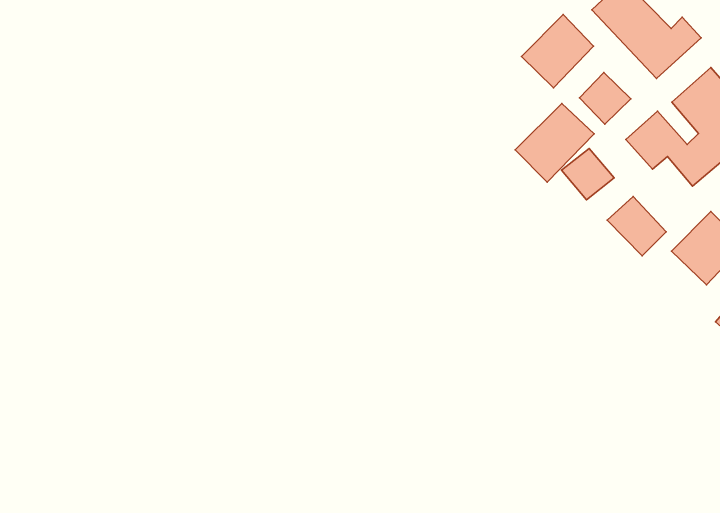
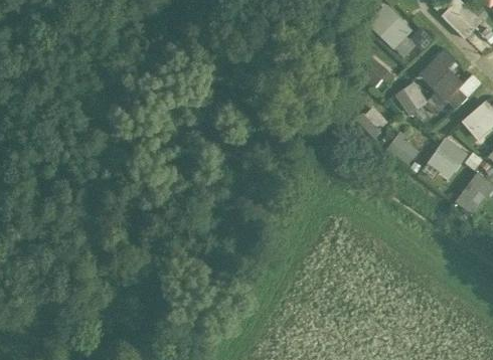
building: [521,14,593,88] -> none
building: [515,103,594,182] -> none

